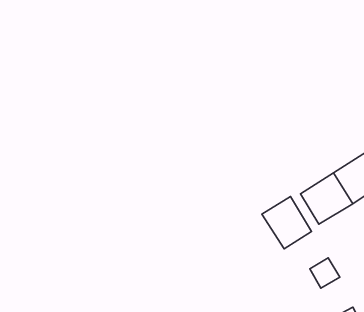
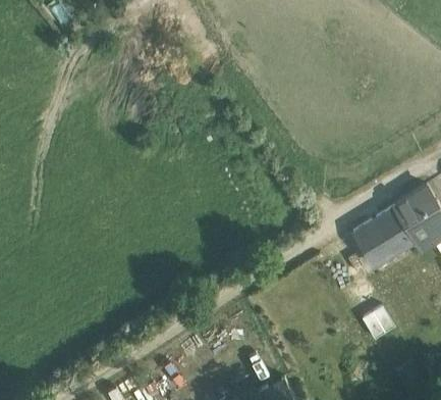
building: [262,196,312,249] -> none

